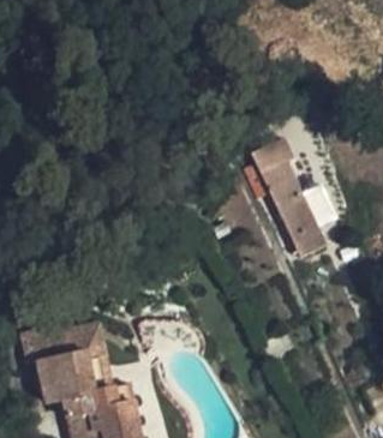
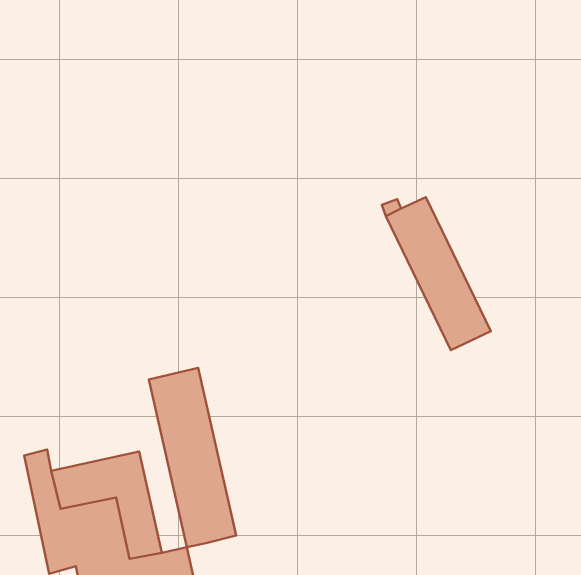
building: none -> [149,368,236,547]

